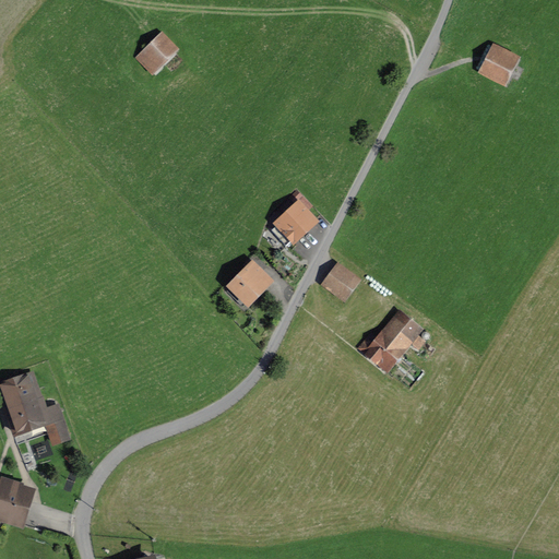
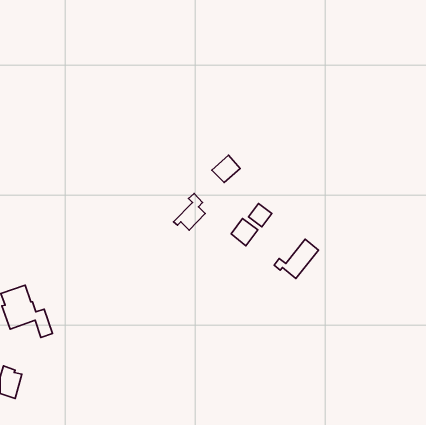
building: [138,35,174,71] -> none
building: [483,45,515,81] -> none
building: none -> [231,219,258,246]

